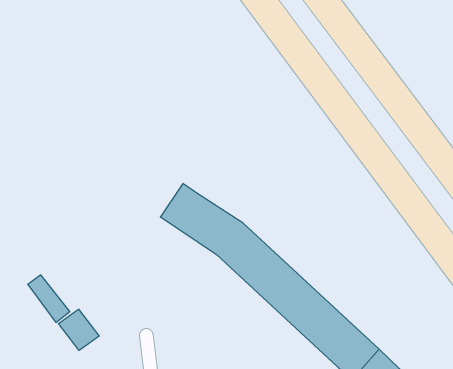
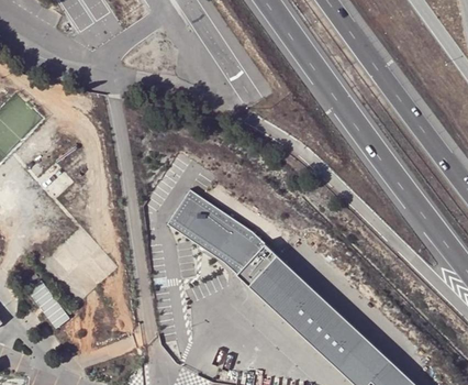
building: [58,309,99,350] -> none

